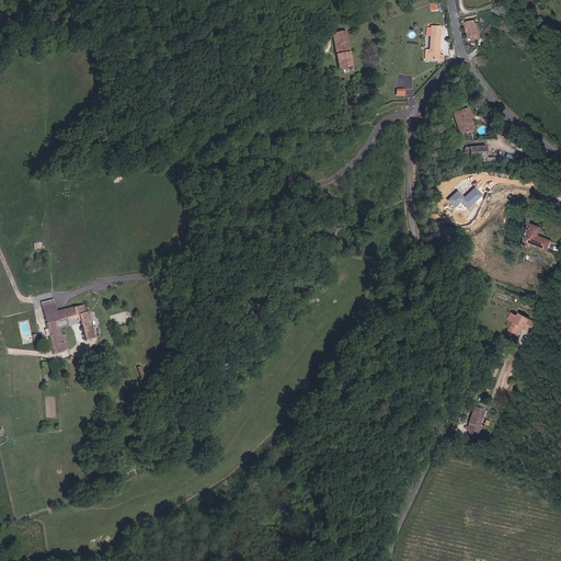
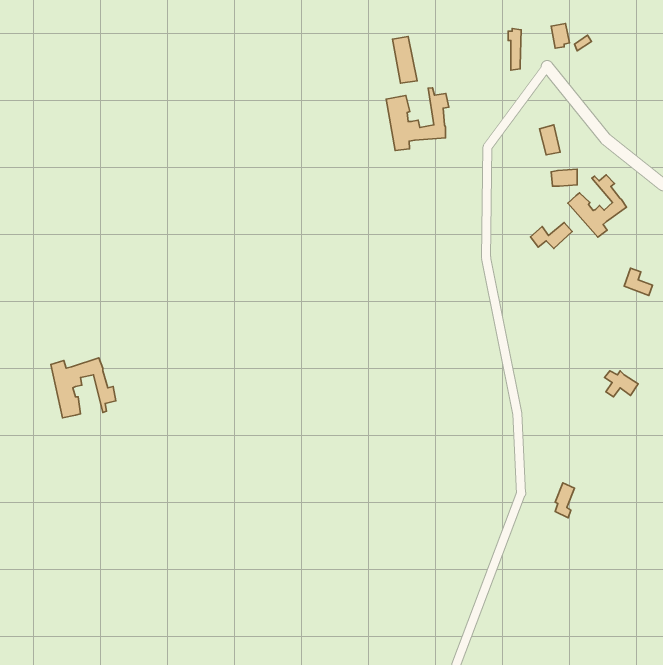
building: none -> [386,88,449,151]
building: none -> [568,175,627,237]

